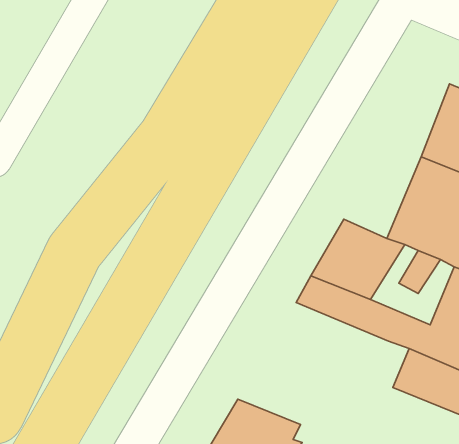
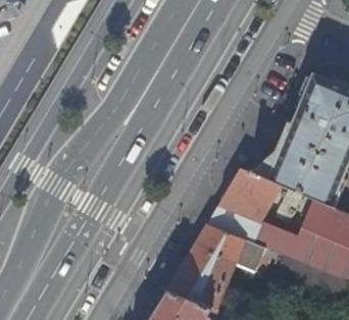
building: none -> [169,222,272,306]

